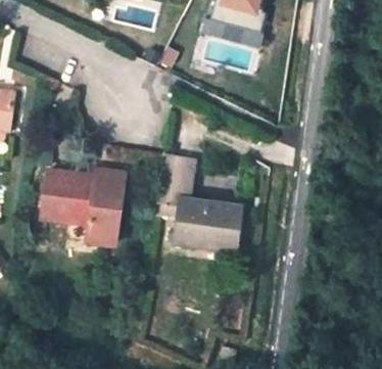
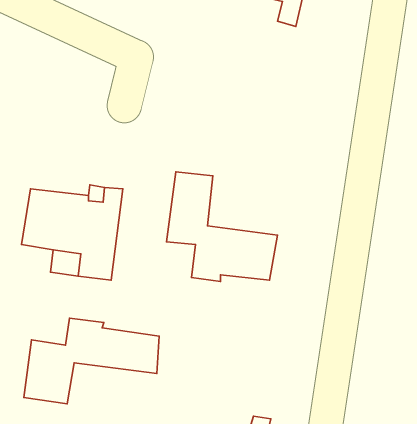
building: none -> [24,318,159,404]

